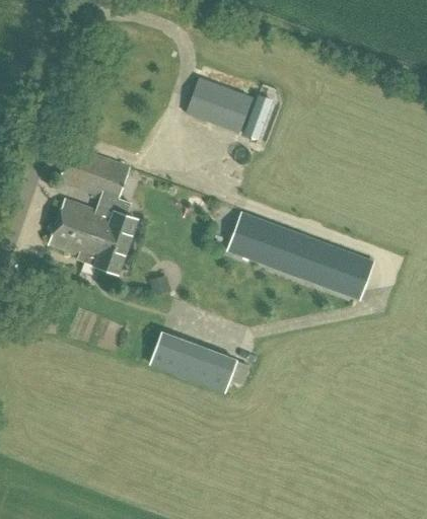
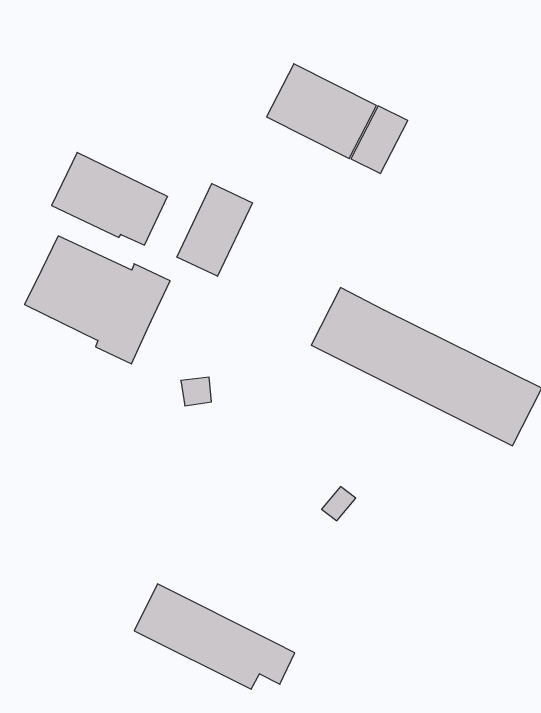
building: none -> [177,184,253,276]
building: [150,332,251,391] -> [134,584,295,689]

